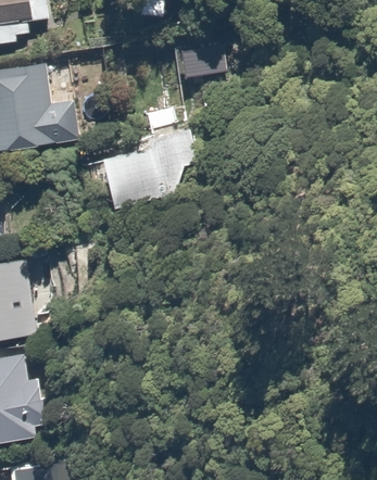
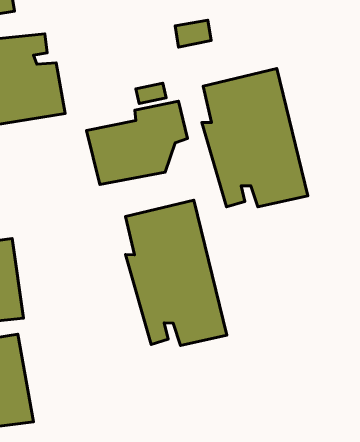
building: none -> [202,68,308,207]
building: none -> [125,200,227,346]

